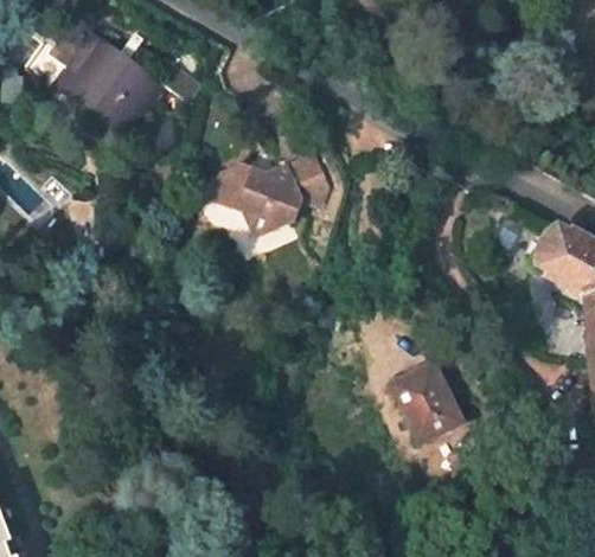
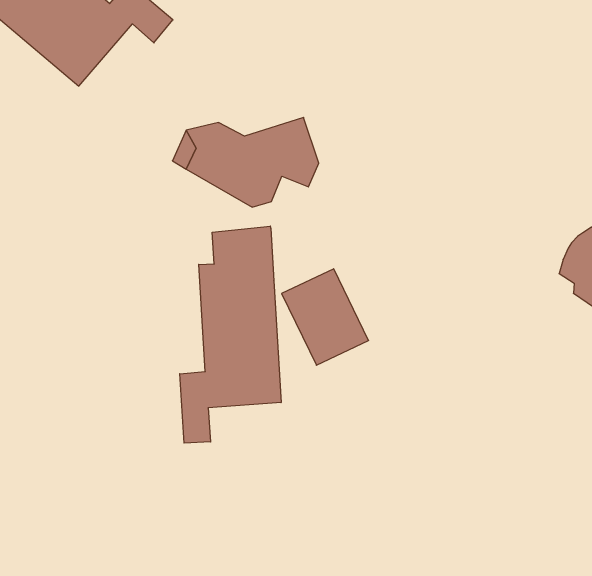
building: none -> [180,226,281,443]
building: [383,357,458,437] -> [282,269,369,365]

